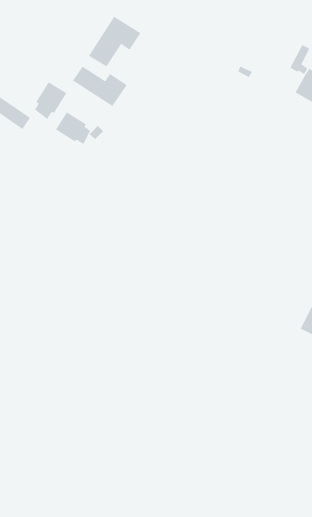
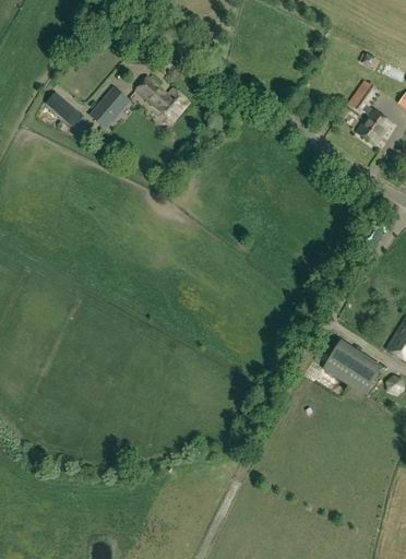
building: [88,16,141,67] -> none
building: [55,112,91,145] -> none

